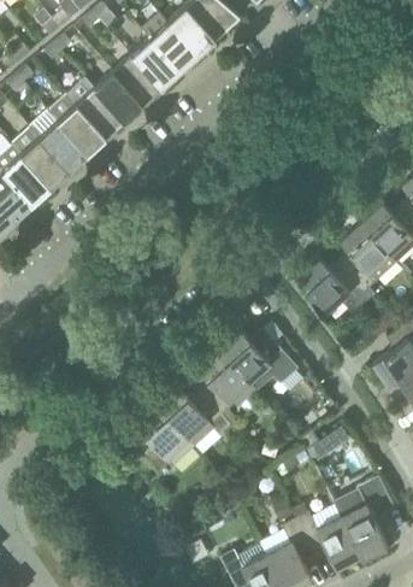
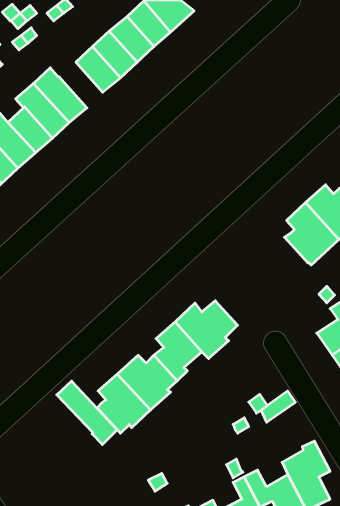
building: [96,71,143,121] -> none
building: [301,260,374,315] -> none
building: none -> [57,381,117,445]

